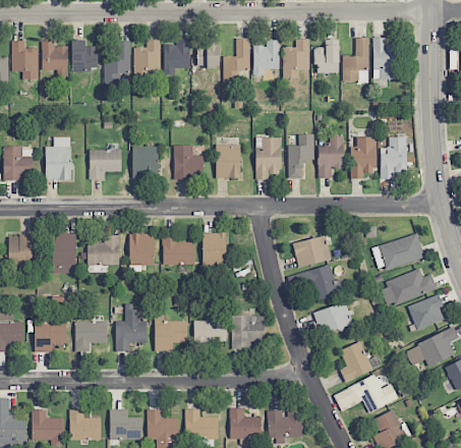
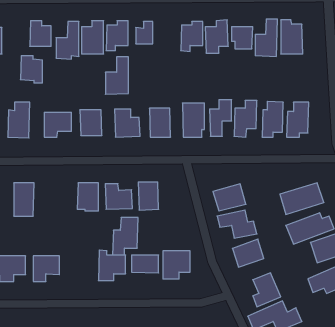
building: [222,39,249,83] -> [105,57,128,94]
building: [41,42,67,74] -> [20,56,42,83]
building: [88,235,119,266] -> none
building: [115,306,146,351] -> [113,218,138,255]

